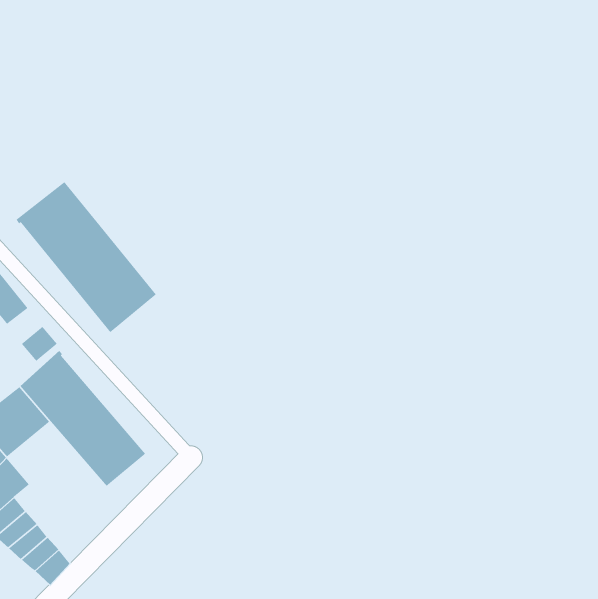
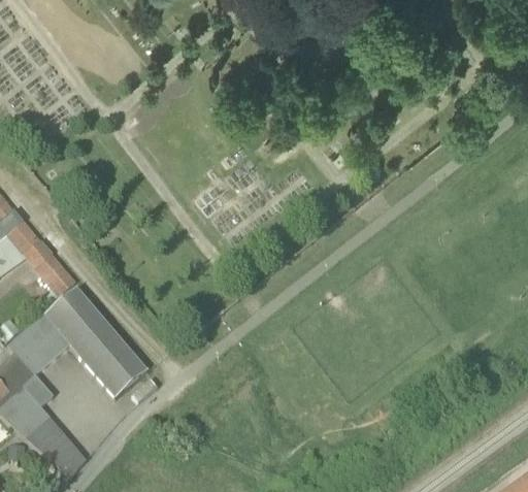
building: [15,181,157,333] -> none

